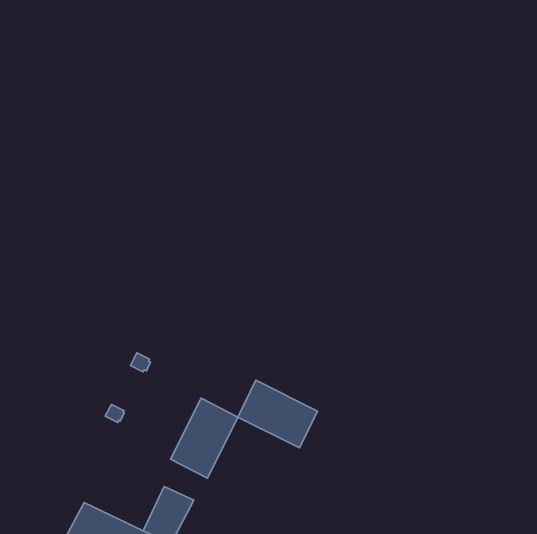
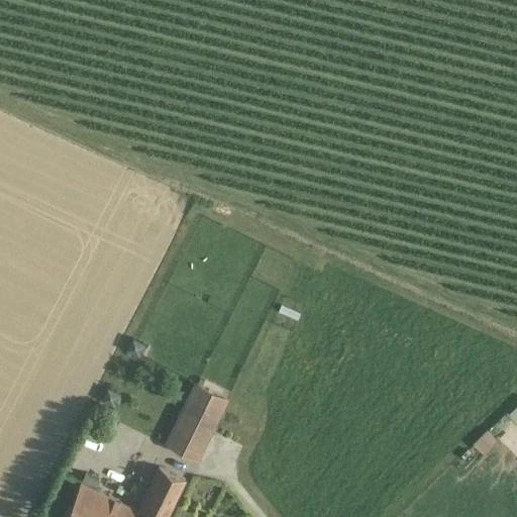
building: [238,380,317,448] -> none

